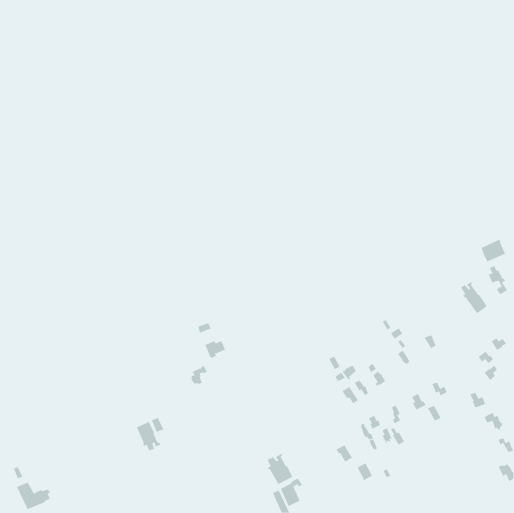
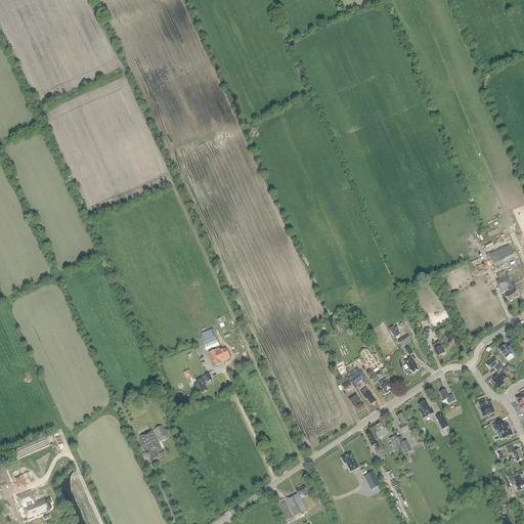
building: [460,281,487,314] -> none
building: [267,453,293,485] -> none

